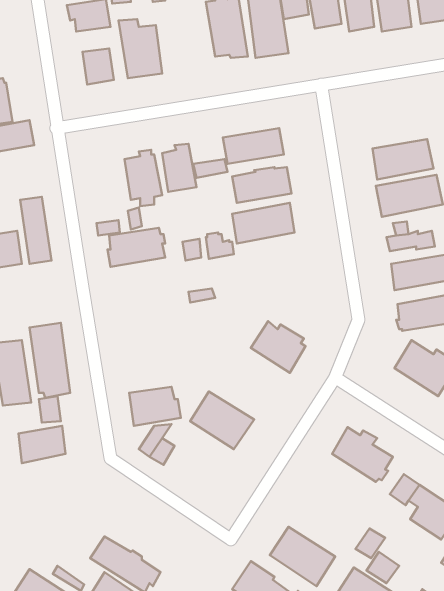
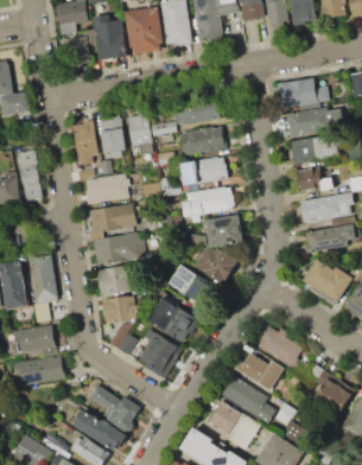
building: none -> [125,7,164,55]
building: none -> [278,77,330,110]
building: none -> [72,120,97,165]
building: none -> [182,187,235,218]
building: none -> [89,204,136,234]
building: none -> [202,215,244,248]
building: none -> [91,233,144,266]
building: none -> [97,265,141,294]
building: none -> [169,265,209,301]
building: none -> [139,329,182,380]
building: none -> [234,352,284,391]
building: none -> [17,355,65,386]
building: none -> [222,376,277,425]
building: none -> [89,386,140,433]

